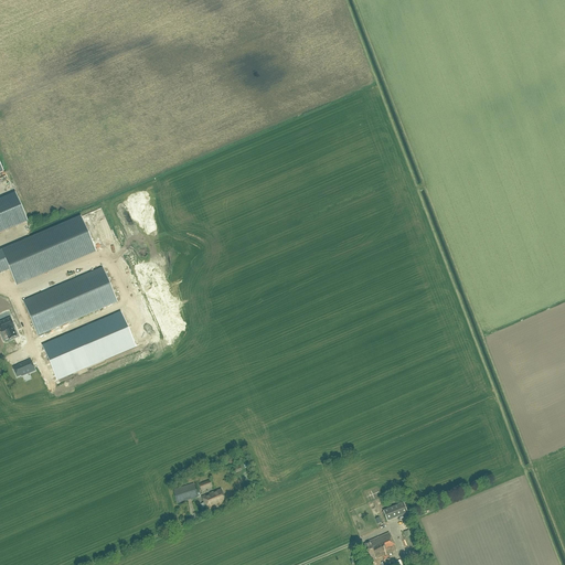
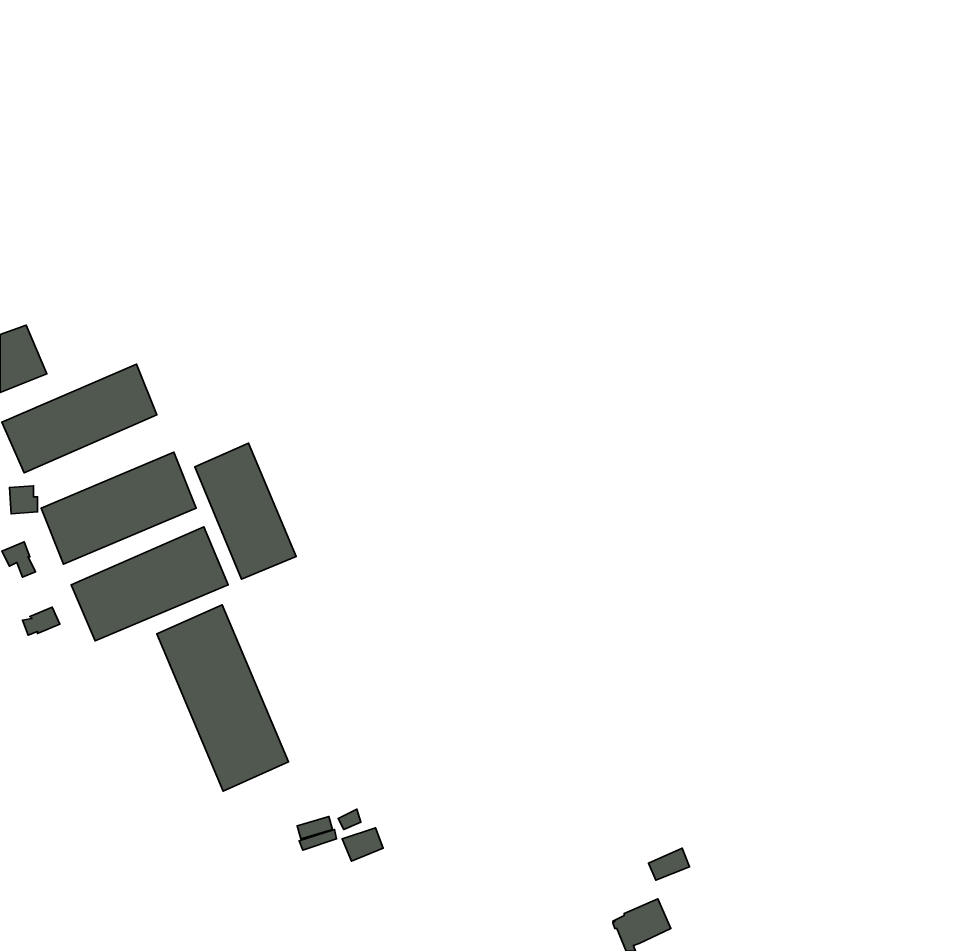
building: none -> [195,443,296,579]
building: none -> [157,605,289,791]

